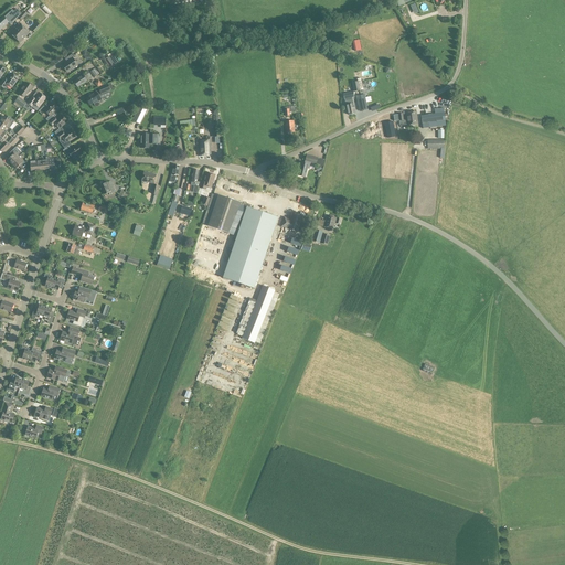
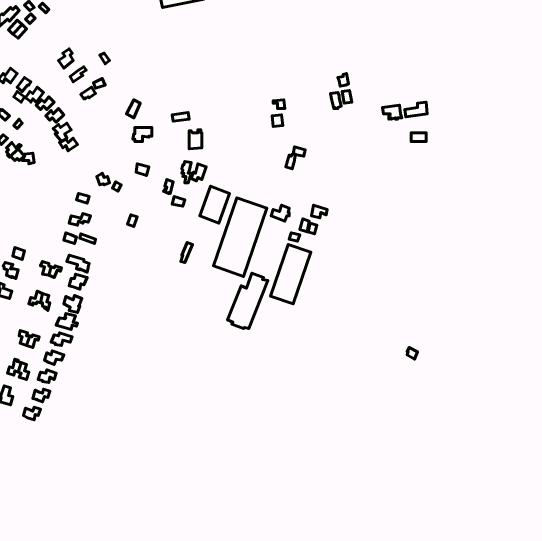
building: none -> [270,245,311,304]

